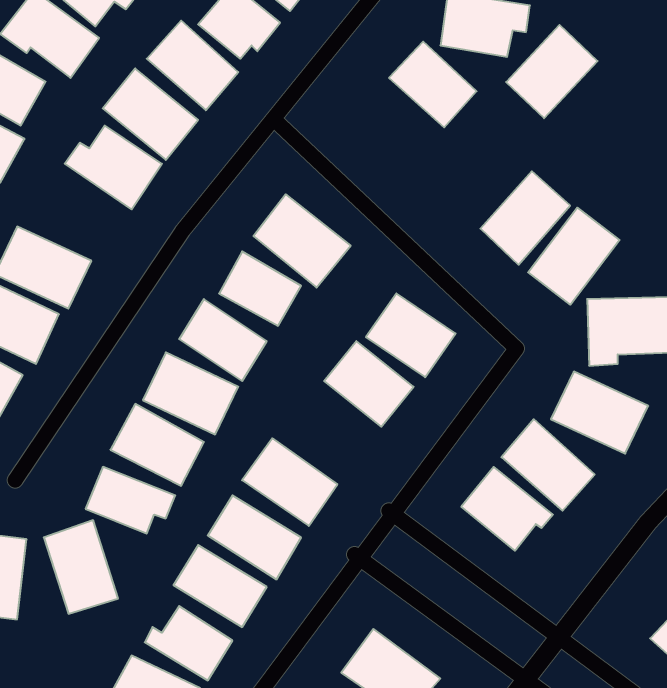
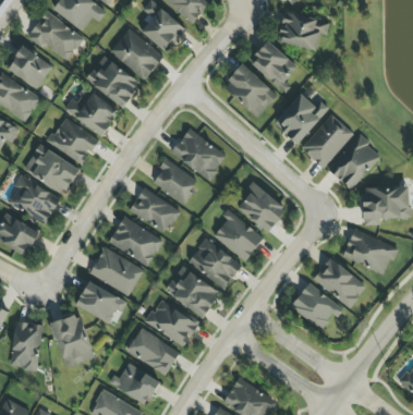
building: [506,25,598,118] -> [274,89,326,143]
building: none -> [222,63,277,117]
building: none -> [48,117,98,161]
building: none -> [187,236,242,288]

